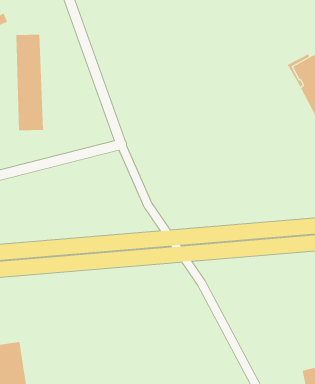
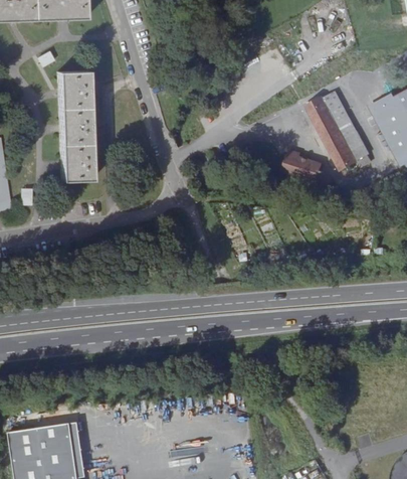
building: none -> [307,92,371,171]
building: none -> [284,154,328,183]

